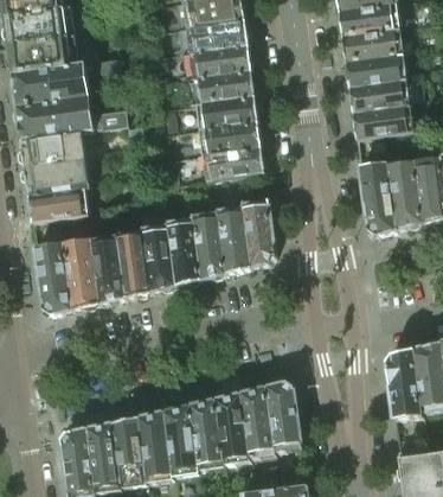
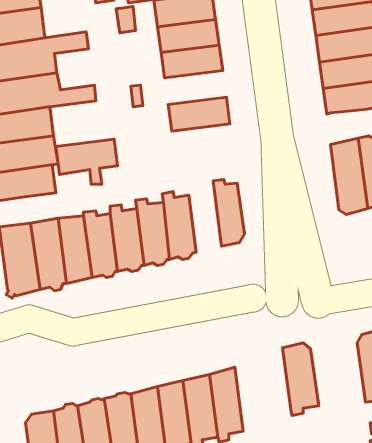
building: [197,95,257,128] -> none
building: [204,147,264,191] -> [56,139,118,184]
building: [219,208,252,273] -> none
building: [265,381,301,452] -> [283,343,319,416]

